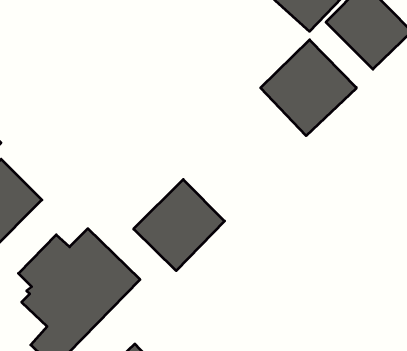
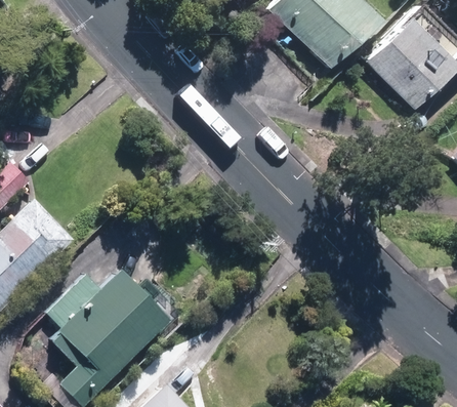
building: [261,40,356,136] -> none
building: [134,179,225,271] -> none

